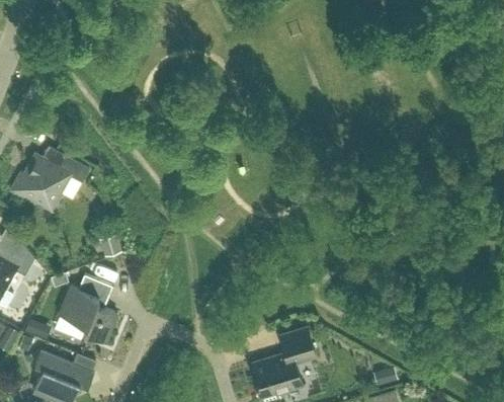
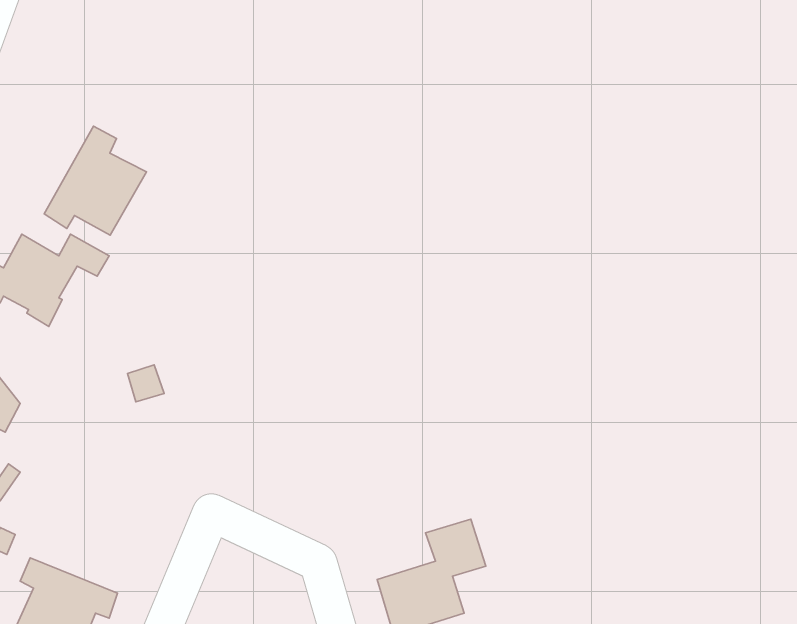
building: none -> [44,126,146,235]
building: [59,273,117,342] -> none

